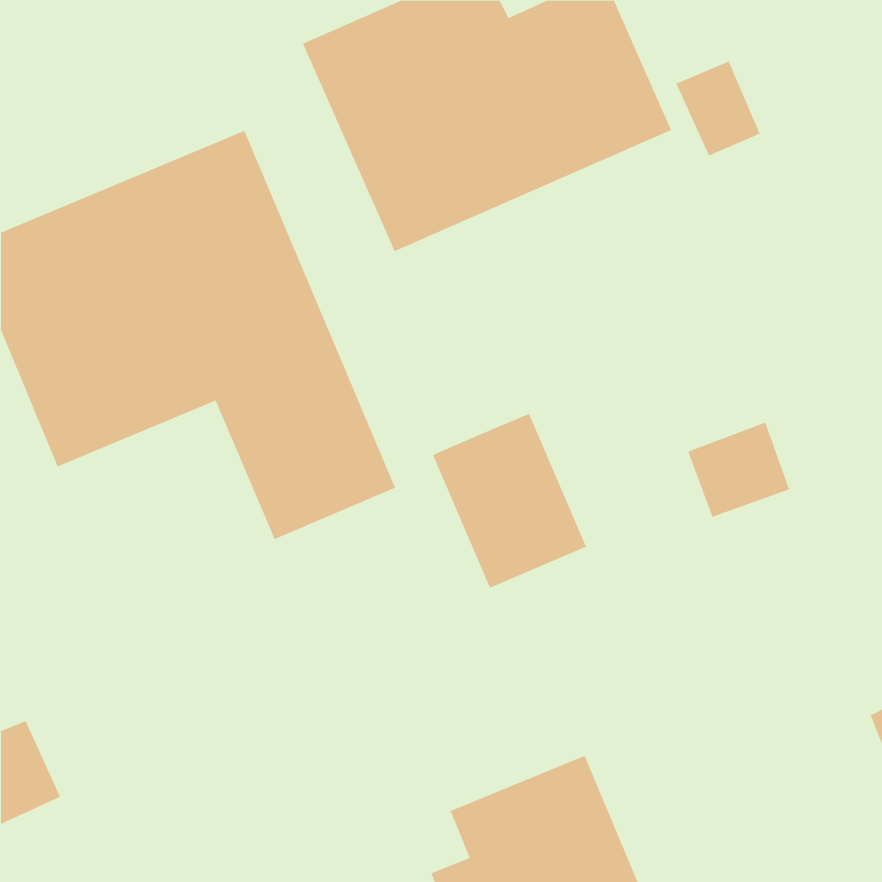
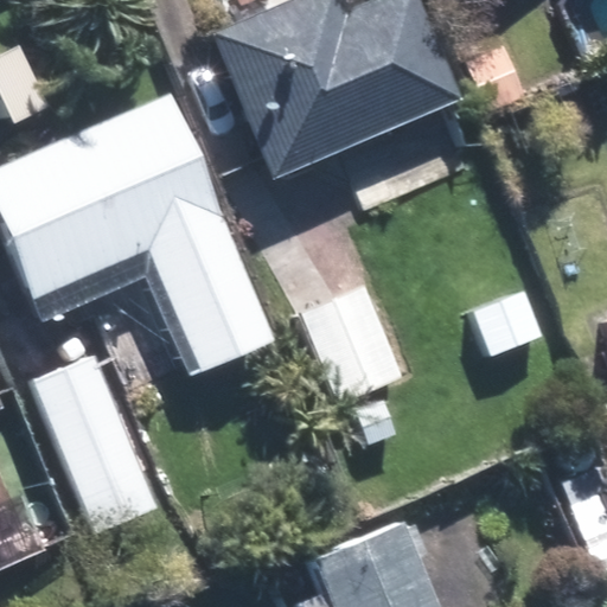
building: none -> [33,357,158,535]

